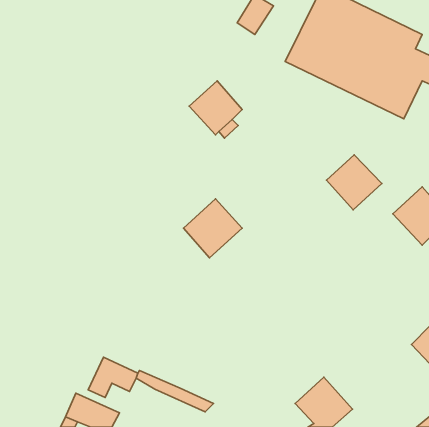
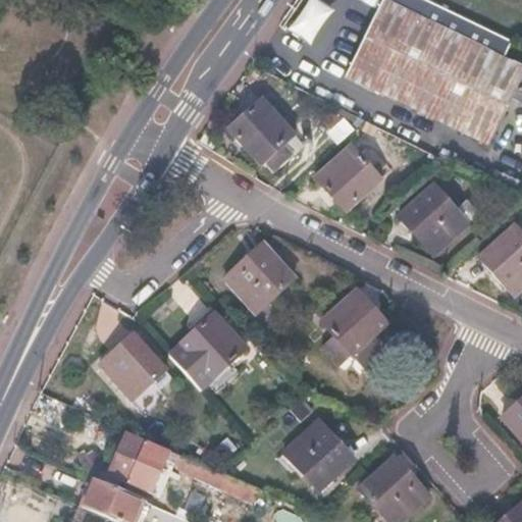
building: none -> [316,147,381,210]
building: none -> [311,290,389,368]
building: none -> [177,312,246,381]
building: none -> [100,332,166,406]
building: none -> [275,419,352,489]

